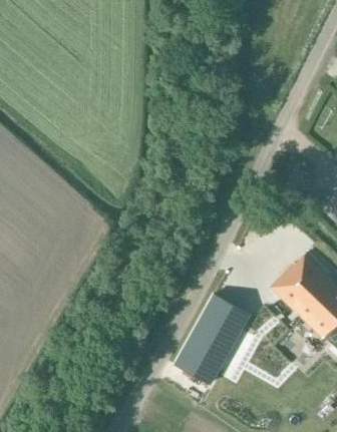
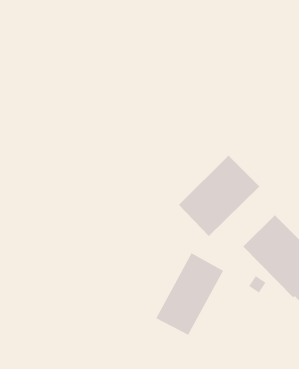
building: none -> [178,155,260,237]

